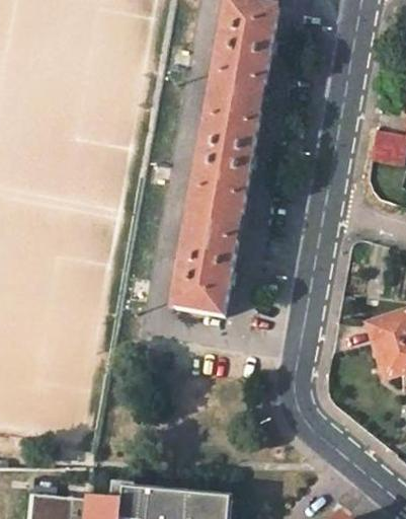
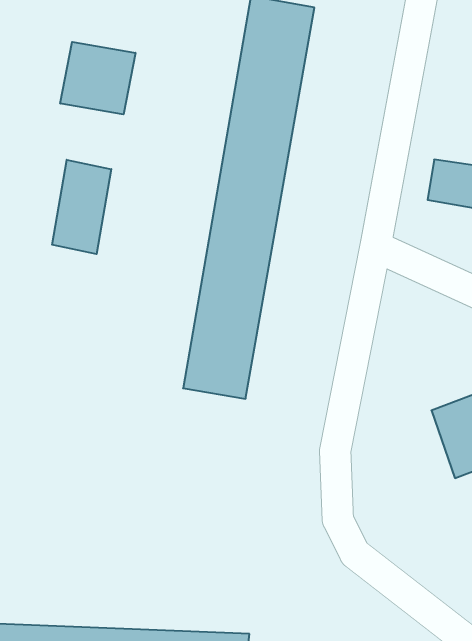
building: none -> [60,42,135,114]
building: none -> [52,160,111,254]

